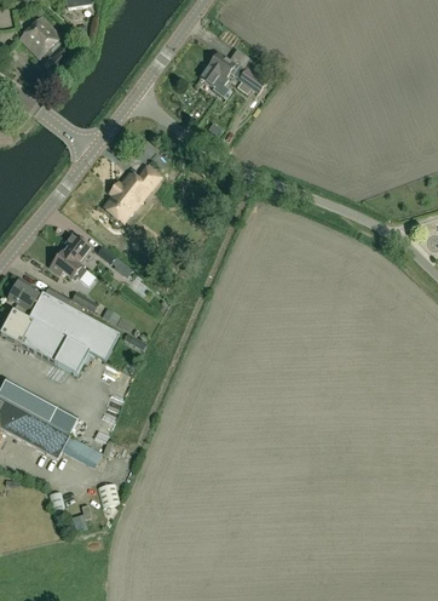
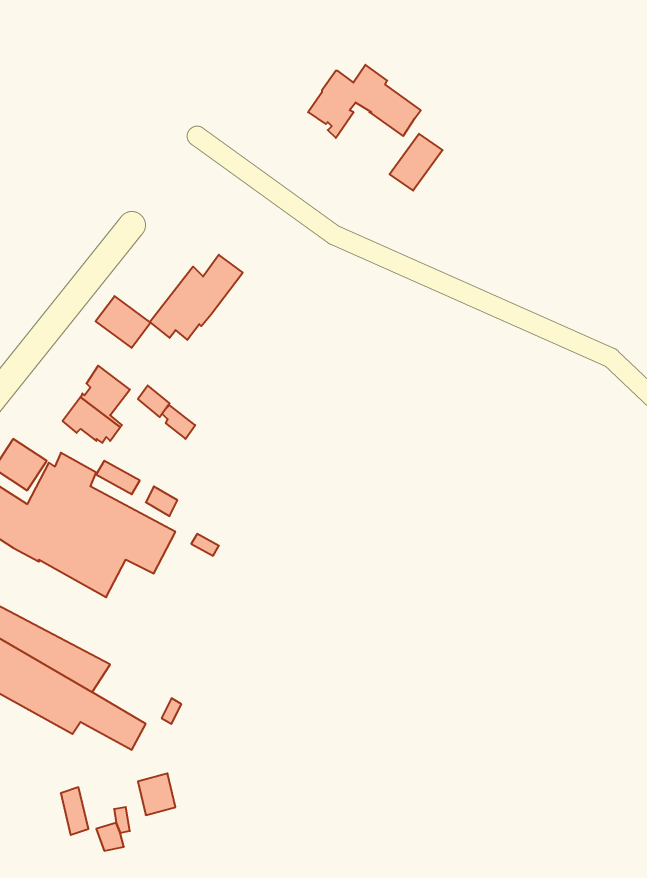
building: [19,17,69,79] -> none
building: none -> [390,134,443,191]
building: none -> [96,296,151,348]

